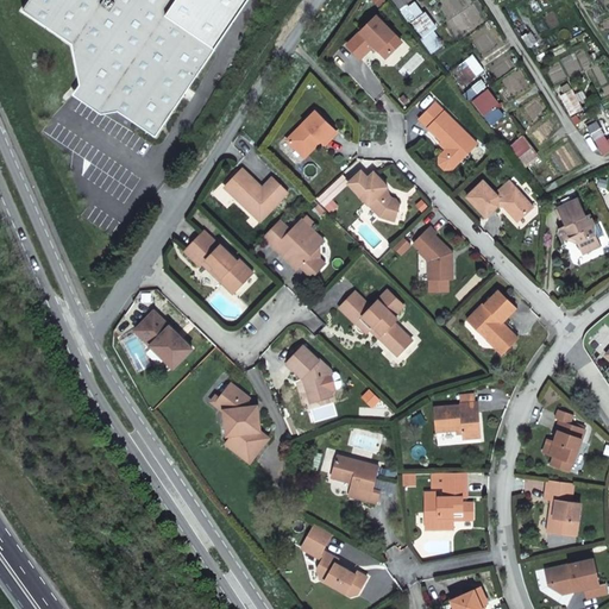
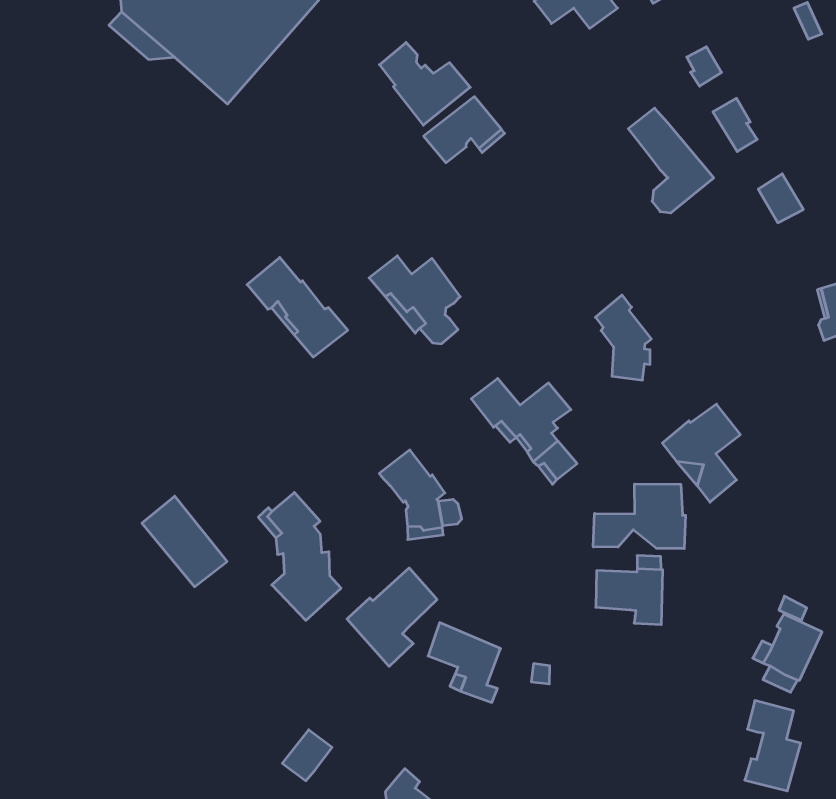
building: [226,169,287,221] -> [379,42,470,125]
building: [347,171,397,220] -> none
building: [465,180,532,216] -> none
building: [133,310,192,368] -> [142,496,227,587]
building: none -> [593,484,686,549]
building: none -> [347,568,437,666]
building: [423,472,472,528] -> none
building: [300,523,331,557] -> [282,730,332,781]

